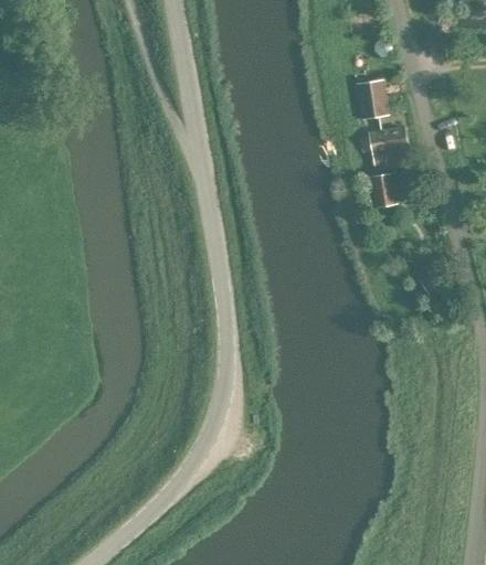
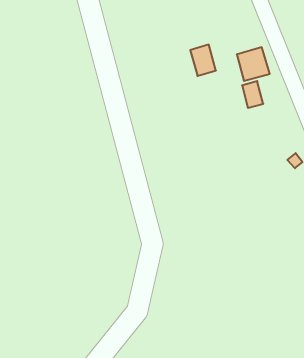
building: [357,79,388,119] -> [190,45,216,76]

